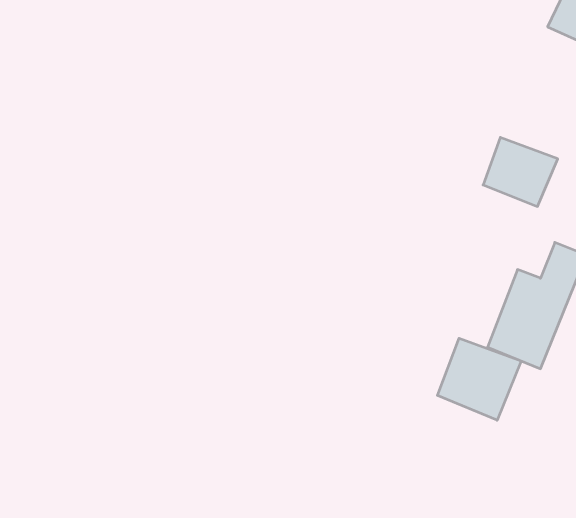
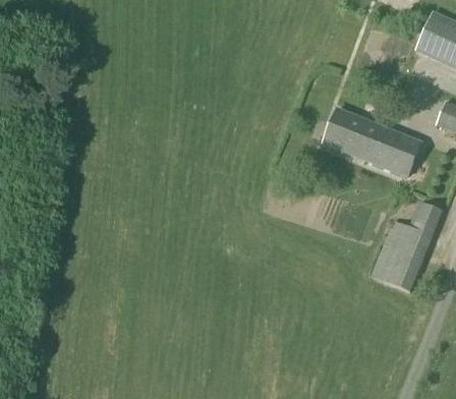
building: none -> [322,109,381,161]
building: [437,338,521,420] -> none

